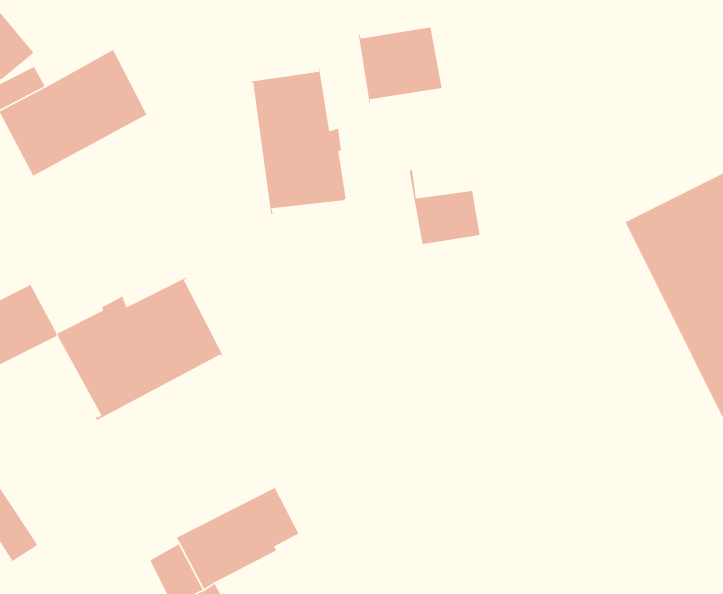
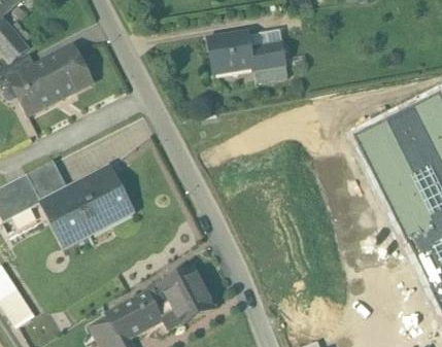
building: [249,67,347,215] -> none
building: [409,170,480,245] -> [247,29,286,70]
building: none -> [28,159,67,199]
building: none -> [162,266,214,321]

